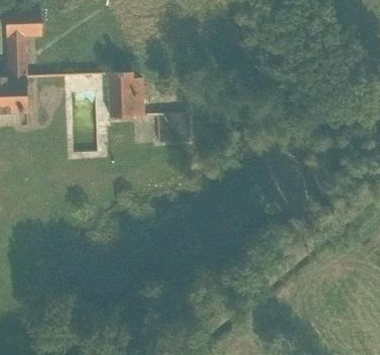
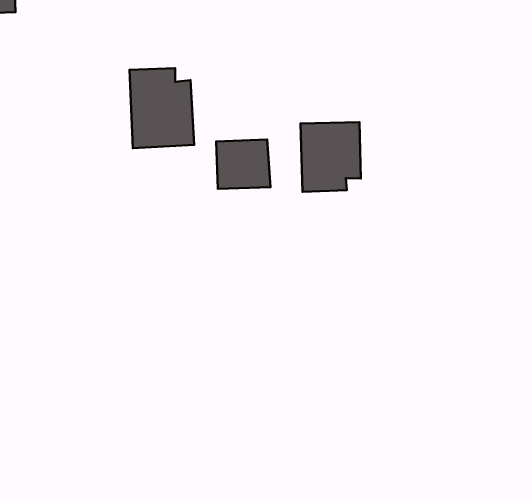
building: none -> [300,122,361,192]

